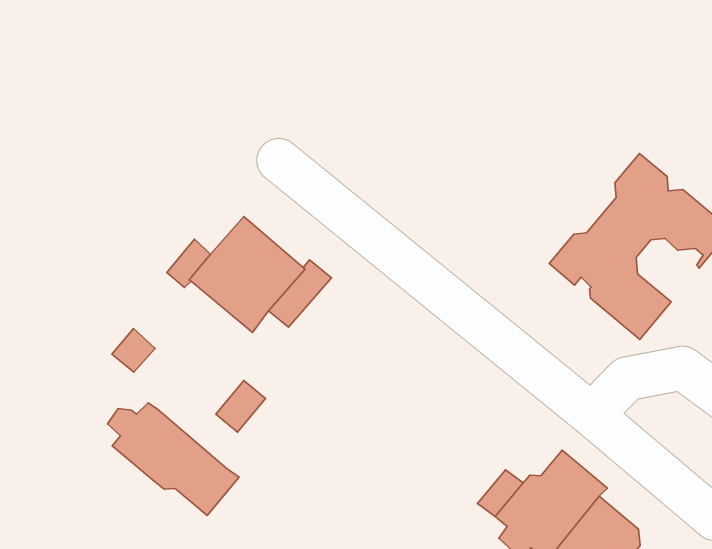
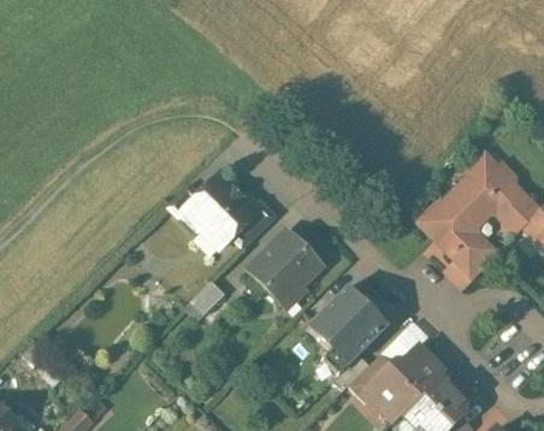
building: none -> [248,230,321,302]
building: none -> [307,284,388,365]
building: [107,403,239,515] -> none

